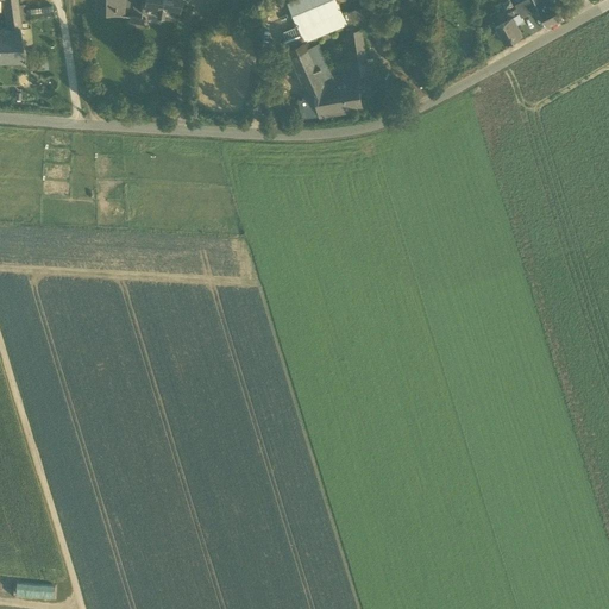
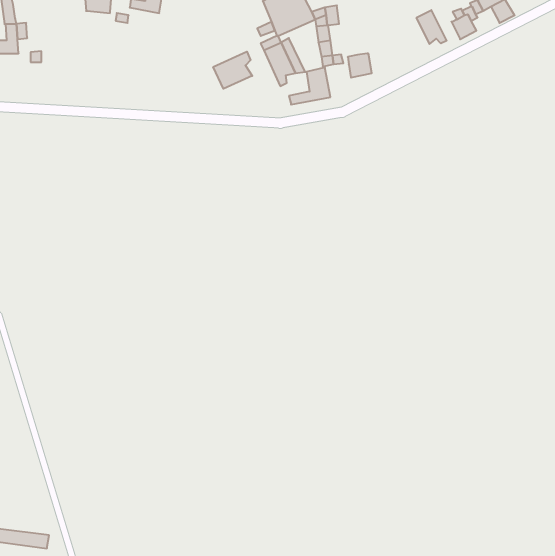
building: none -> [417,10,447,44]
building: none -> [213,52,252,89]
building: [312,79,338,105] -> [348,54,372,78]

